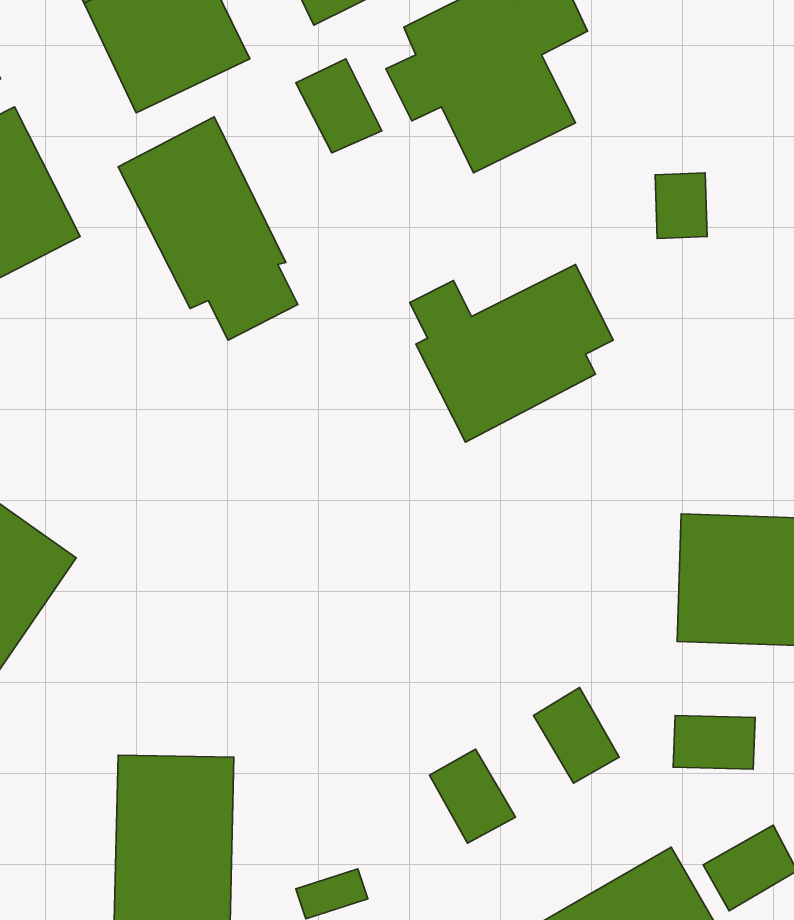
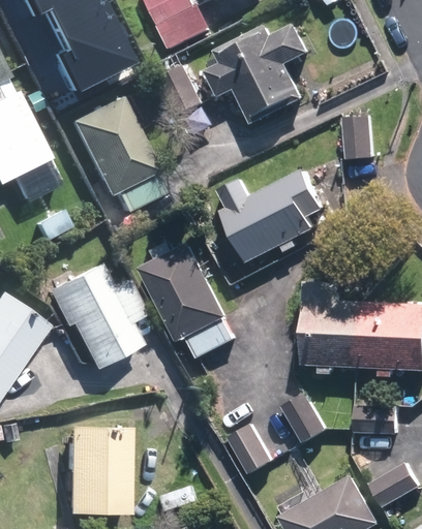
building: none -> [140,243,237,362]
building: none -> [47,261,147,368]
building: none -> [306,279,361,367]

